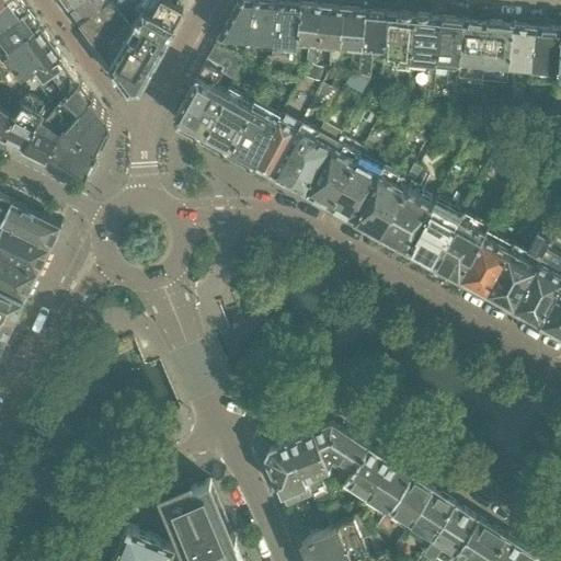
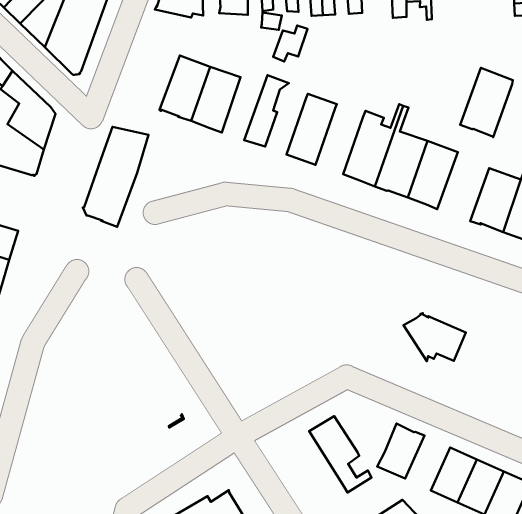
building: [173,50,241,139] -> [83,127,149,227]
building: [252,115,300,178] -> none
building: [288,134,331,196] -> none
building: [330,154,382,221] -> none
building: [431,218,483,280] -> [460,68,513,137]
building: [311,425,365,471] -> [403,313,466,361]
building: [264,443,310,506] -> none
building: [365,462,409,512] -> none

